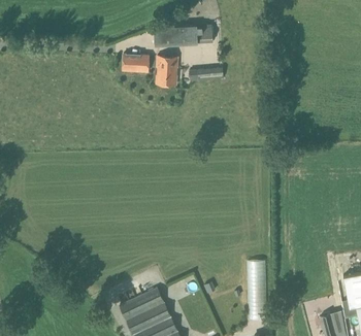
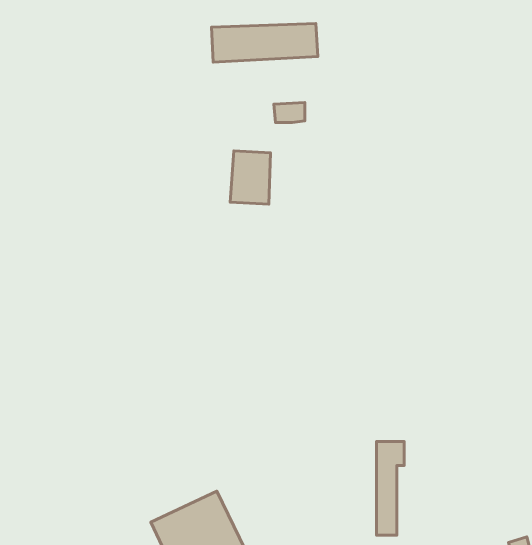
building: [123,56,149,73] -> none
building: [156,57,178,87] -> [230,151,271,204]

